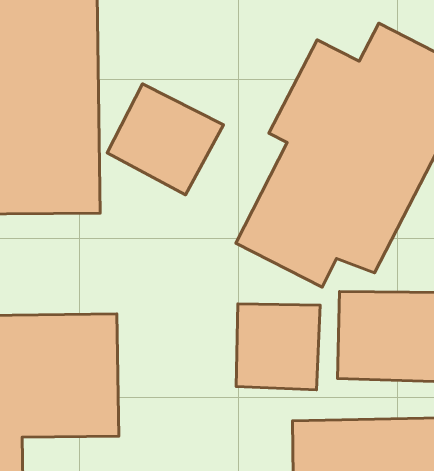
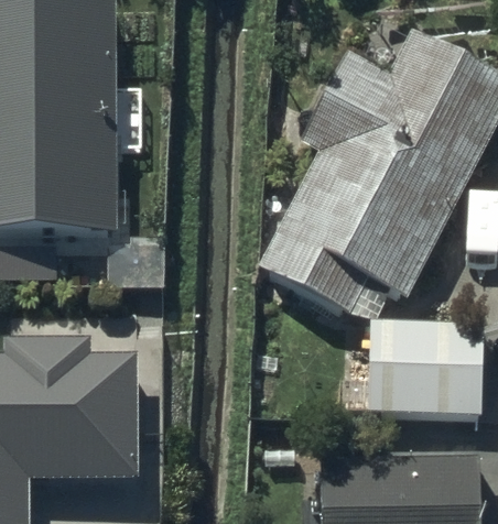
building: [107,84,224,195] -> none
building: [236,304,320,390] -> none

